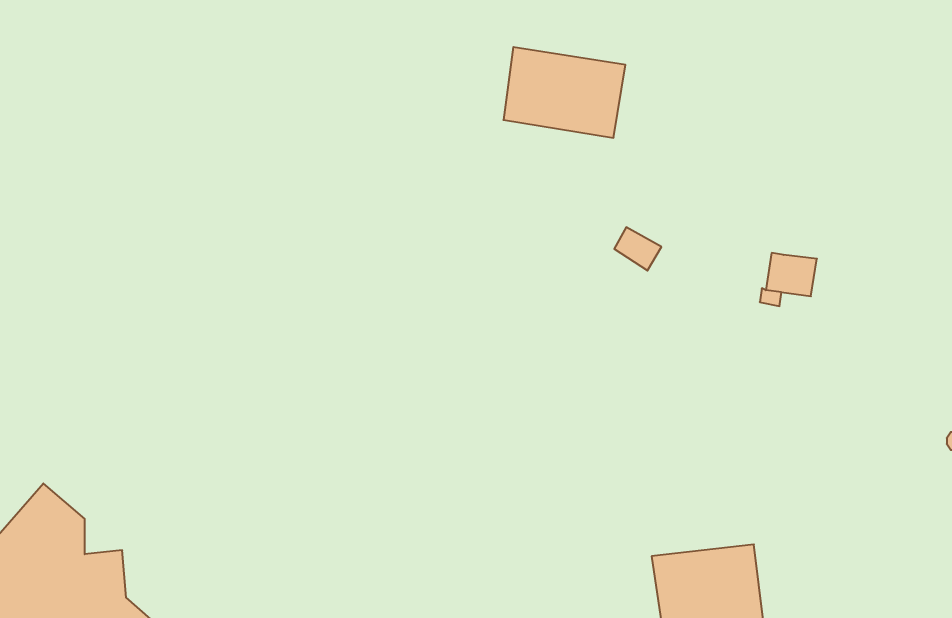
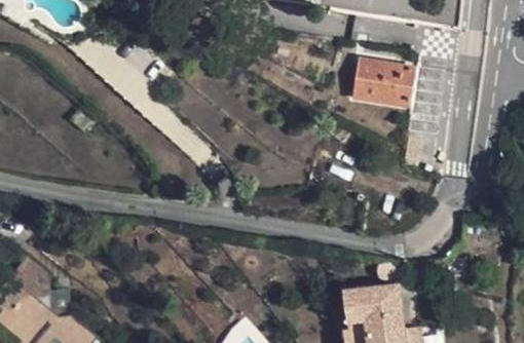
building: [503,47,625,138] -> [352,59,416,106]

